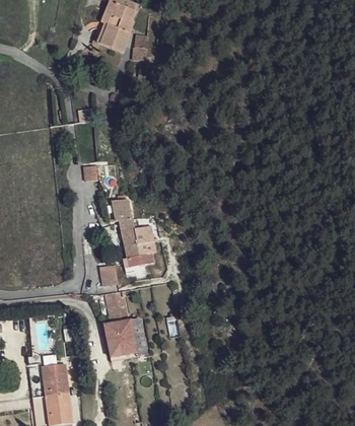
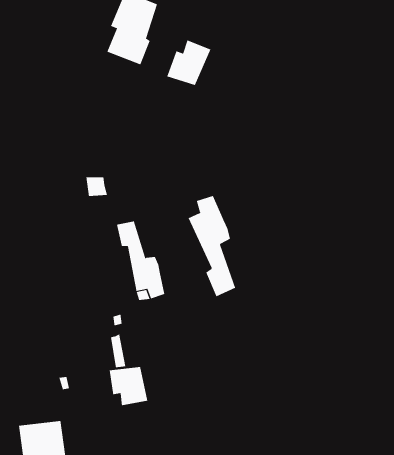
building: none -> [166,40,211,86]
building: none -> [188,195,236,297]

